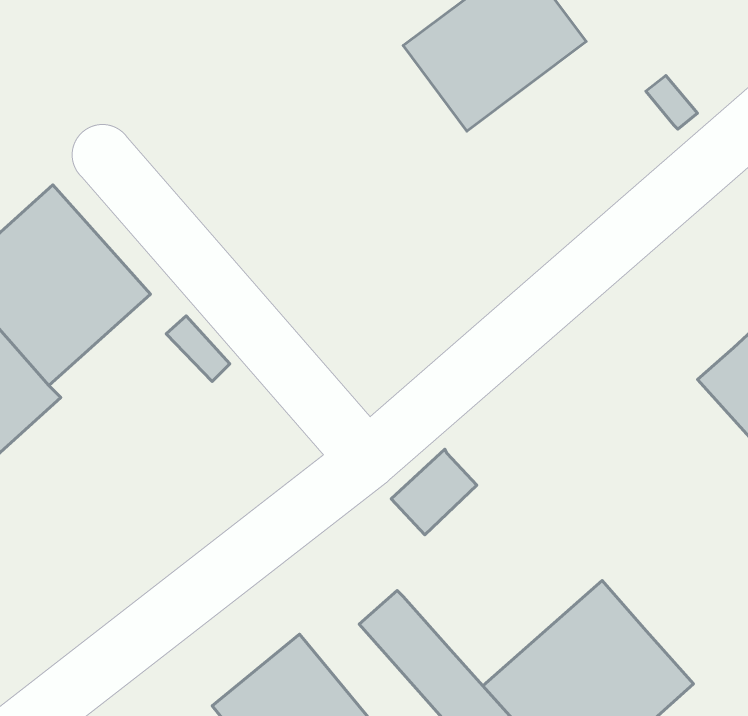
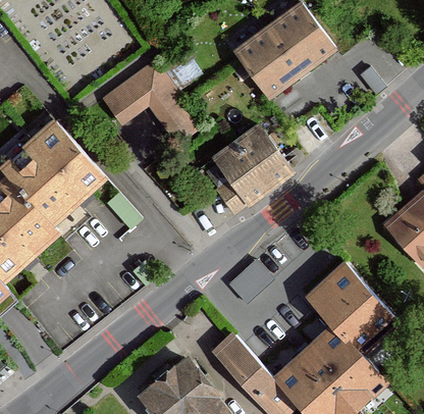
building: none -> [104,62,201,142]
building: none -> [217,126,293,213]
building: none -> [309,265,391,350]

